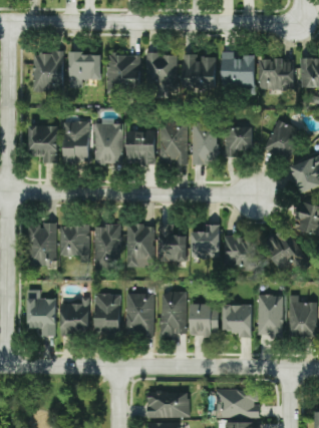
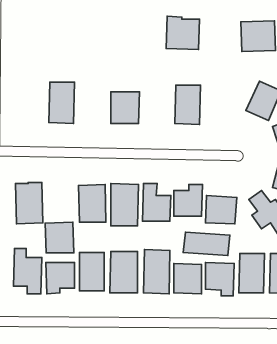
building: [33,51,63,91] -> none
building: [222,51,256,83] -> none
building: [68,52,100,83] -> none
building: [145,53,177,87] -> none
building: [106,54,140,92] -> none
building: [94,120,123,163] -> none
building: [160,122,188,165] -> none
building: [28,125,58,162] -> none
building: [225,126,253,156] -> none
building: [60,225,89,256] -> [45,222,74,253]
building: none -> [183,232,230,256]

